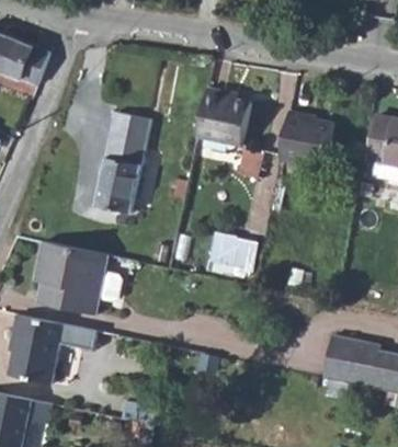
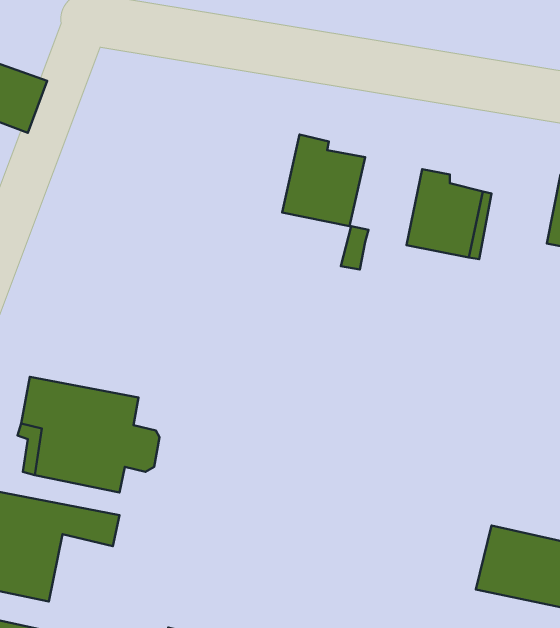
building: [93,113,150,215] -> none
building: [208,229,260,275] -> none

